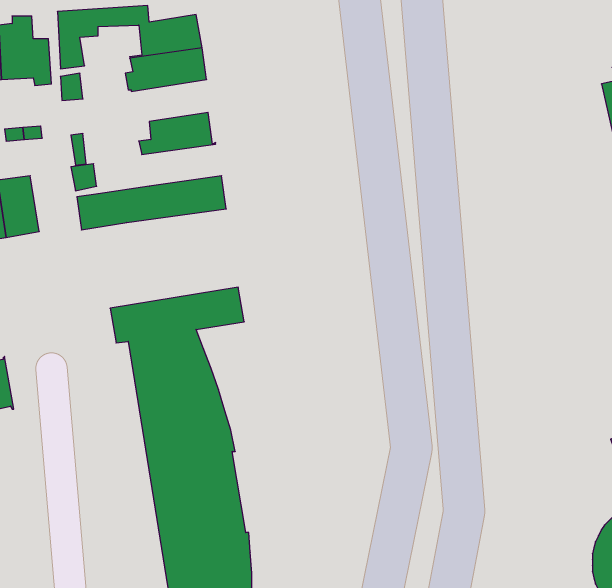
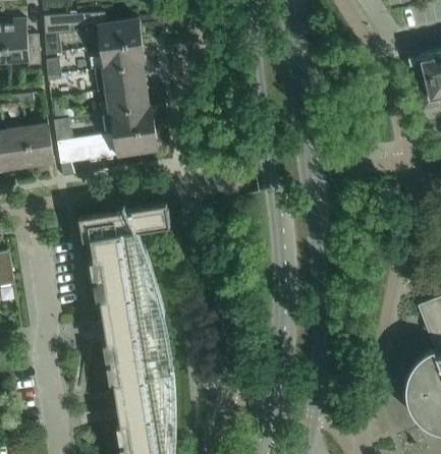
building: none -> [94,63,146,92]
building: none -> [101,107,155,135]
building: none -> [25,124,54,166]

